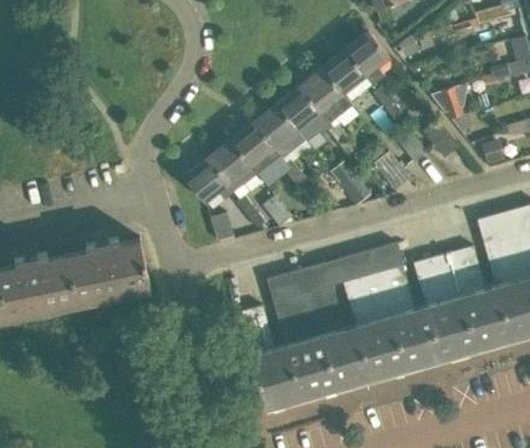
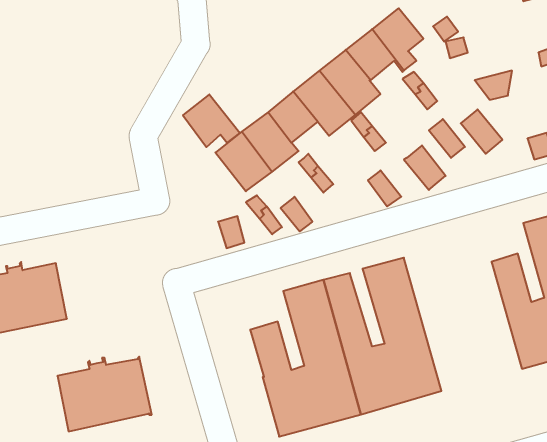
building: [185,159,235,205] -> [183,94,240,147]
building: [68,239,151,305] -> [57,357,152,431]
building: [373,244,477,368] -> none

